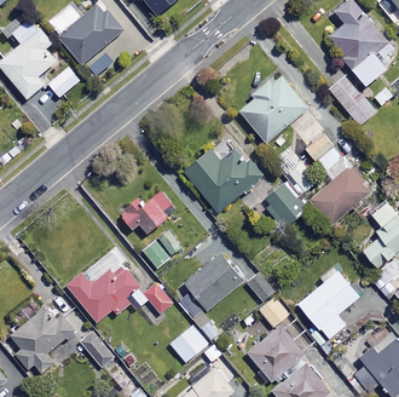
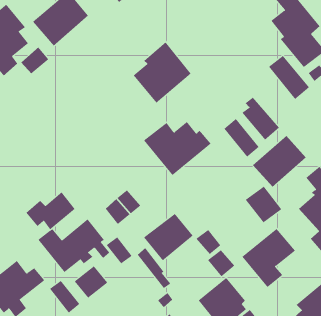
building: [239,73,306,143] -> [133,41,192,103]
building: [264,184,306,226] -> [245,186,282,223]
building: [120,190,177,234] -> [25,192,76,230]
building: [168,324,207,362] -> [74,265,108,299]

